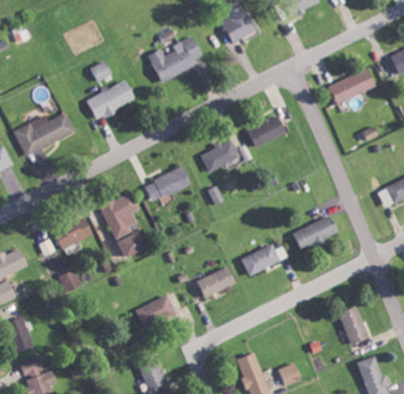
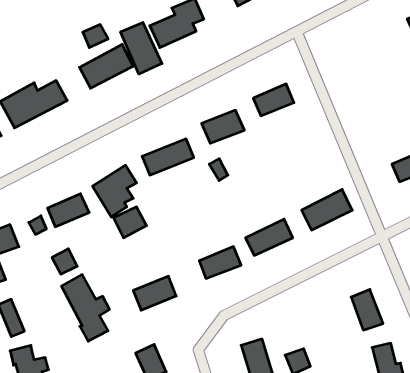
building: none -> [121,22,162,74]
building: [328,69,376,103] -> none
building: none -> [62,275,109,341]

